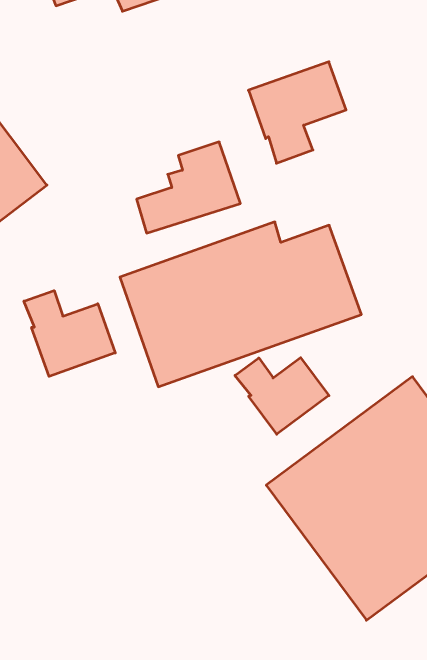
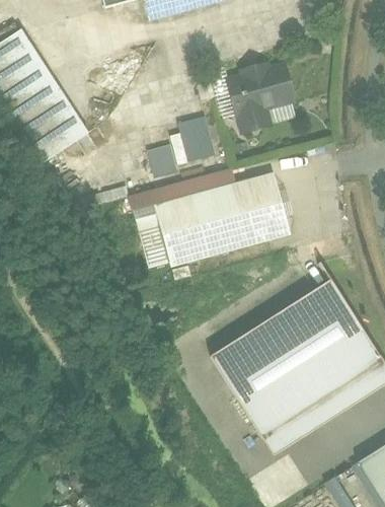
building: [24,291,115,376] -> none
building: [235,358,329,434] -> none

